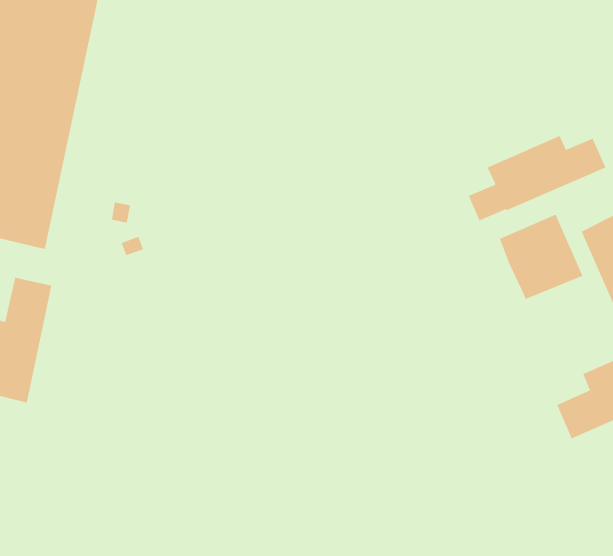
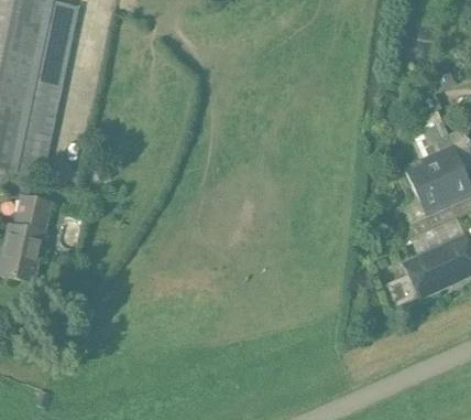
building: [468,135,606,221] -> none
building: [499,214,583,300] -> none

